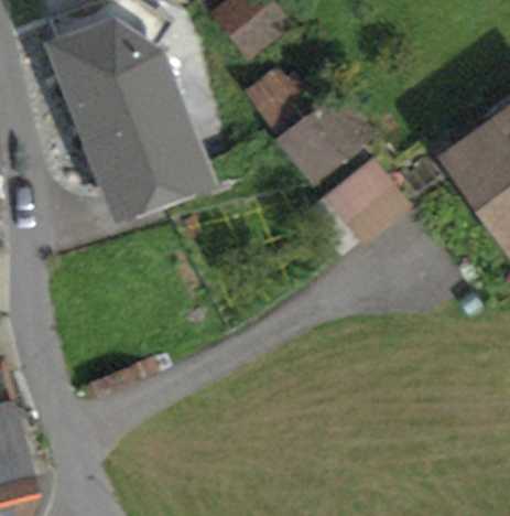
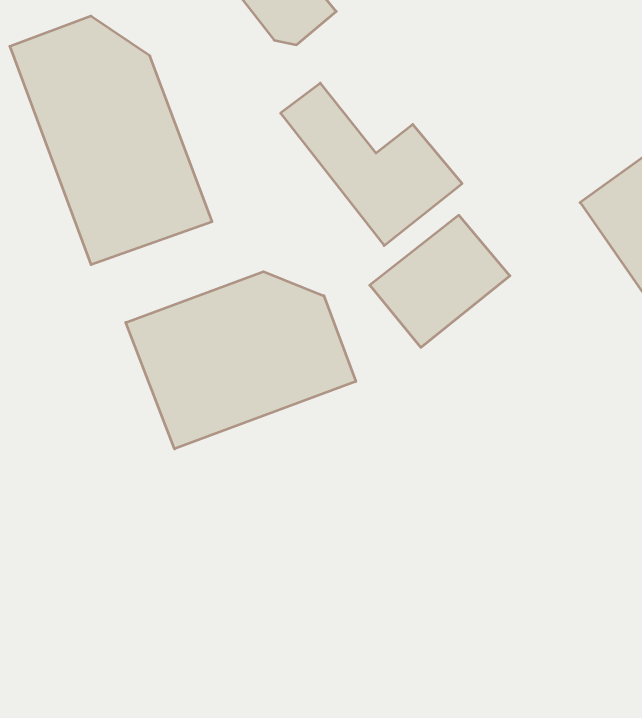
building: none -> [126,272,356,449]

